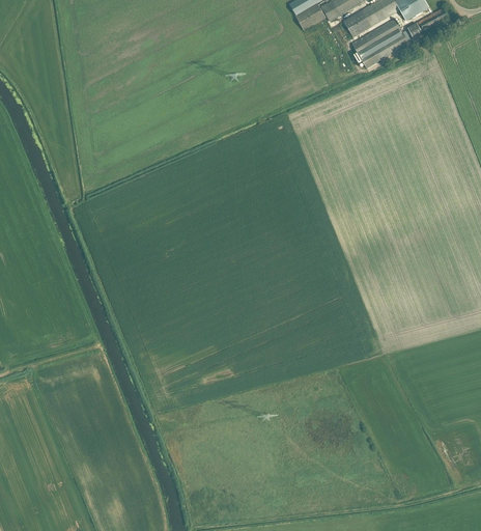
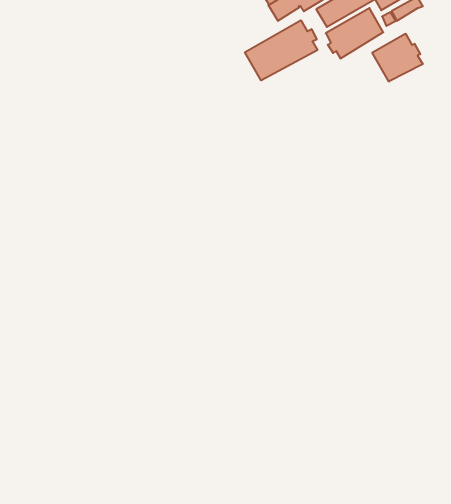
building: none -> [245,20,317,80]
building: none -> [372,34,423,82]

